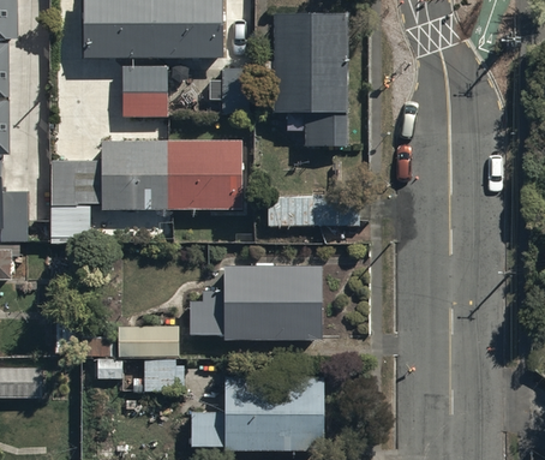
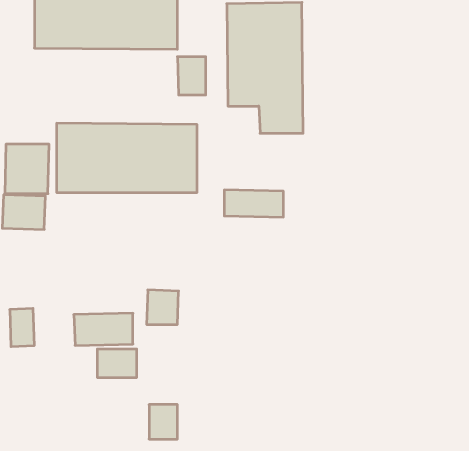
building: [120,72,167,120] -> none
building: [228,267,321,342] -> none
building: [229,376,323,450] -> none

